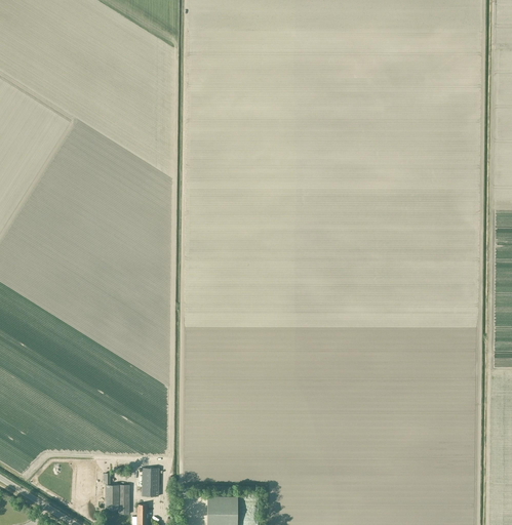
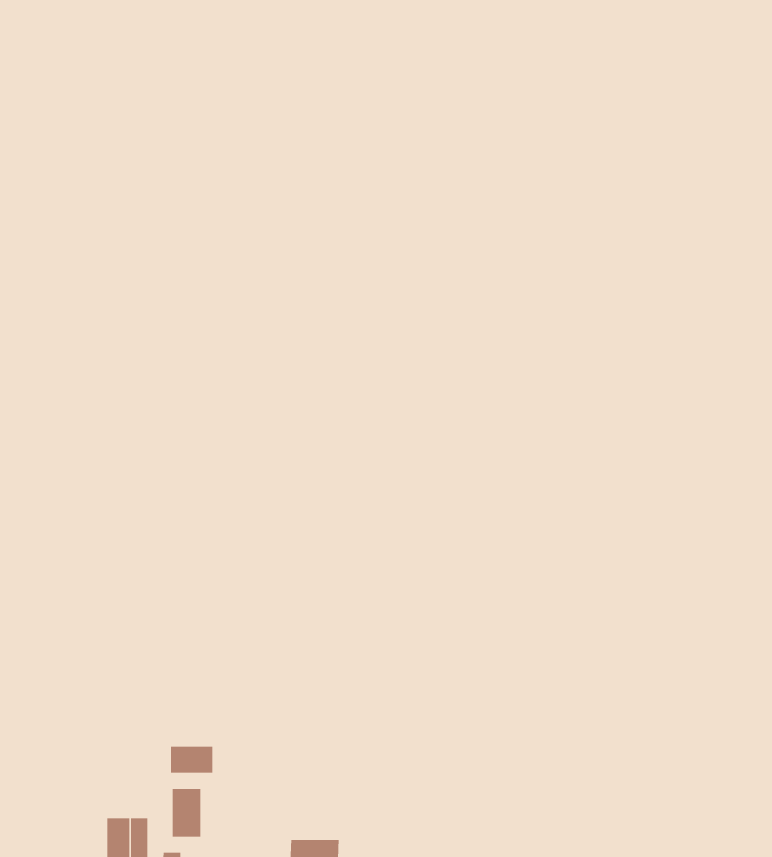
building: none -> [170,746,213,774]

